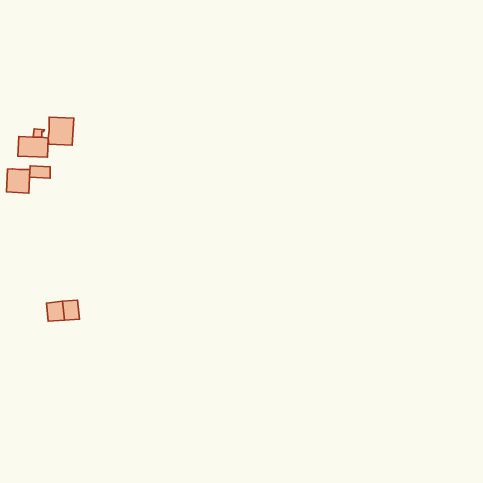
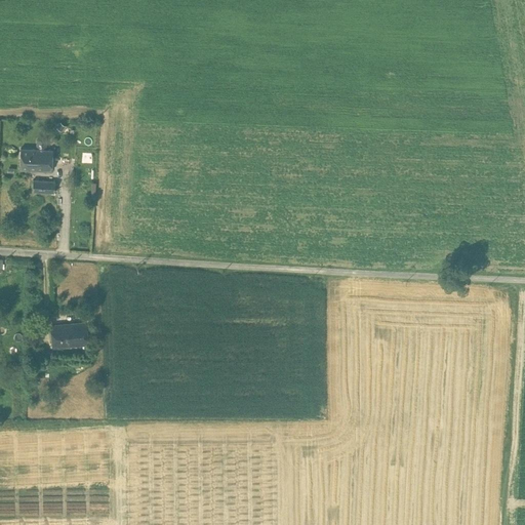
building: [48,117,74,145] -> none
building: [7,169,30,193] -> none

